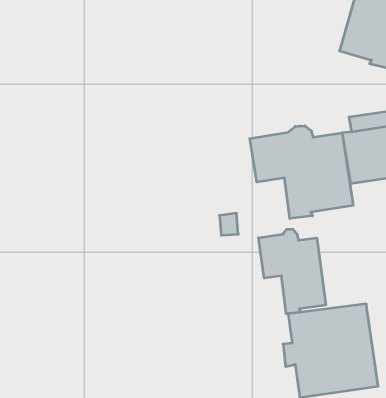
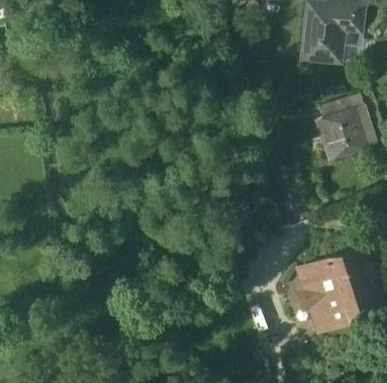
building: [250,126,353,219] -> none
building: [258,229,326,314] -> none

